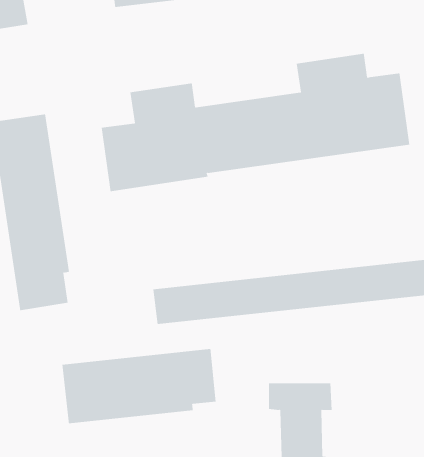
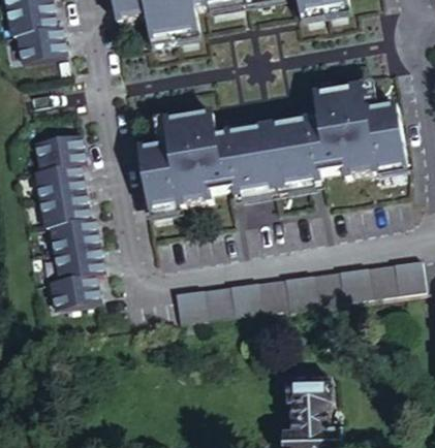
building: [62,348,216,424] -> none

